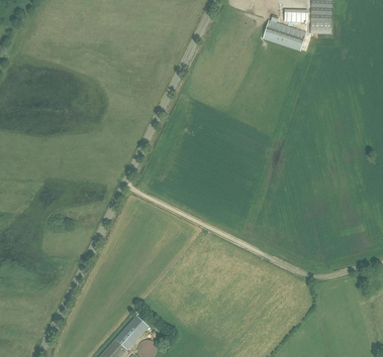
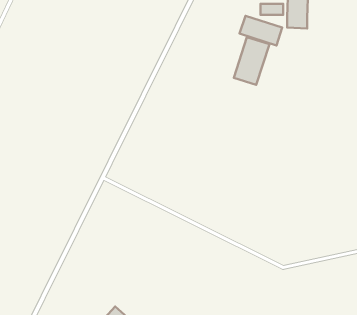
building: none -> [234,37,269,85]

